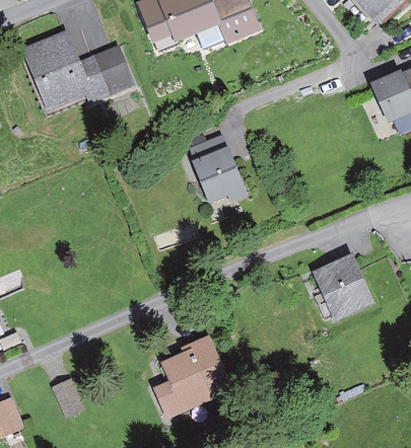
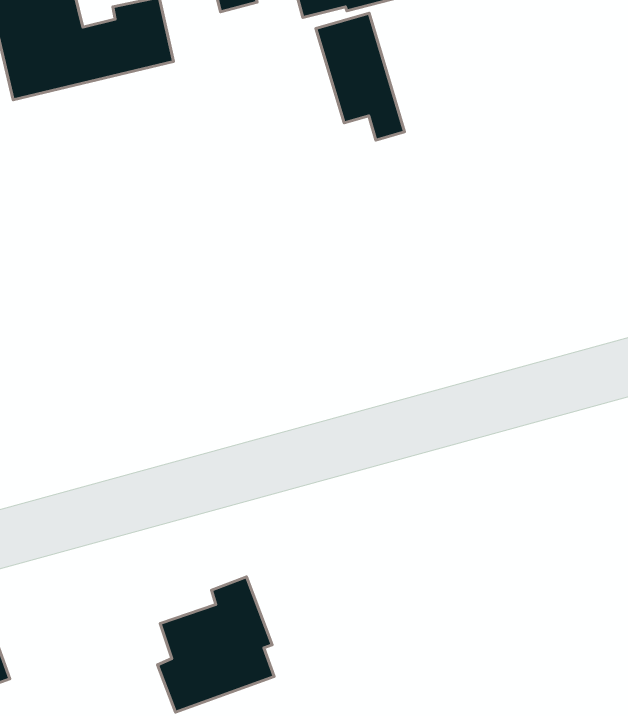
building: [196,138,248,203] -> [316,13,404,140]
building: [317,259,366,312] -> none

